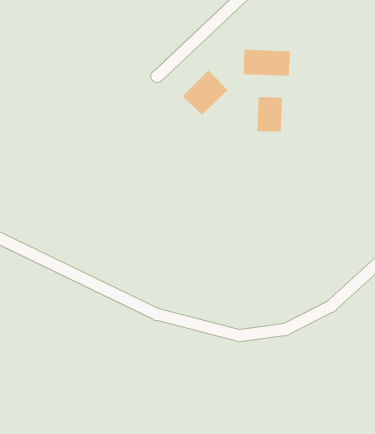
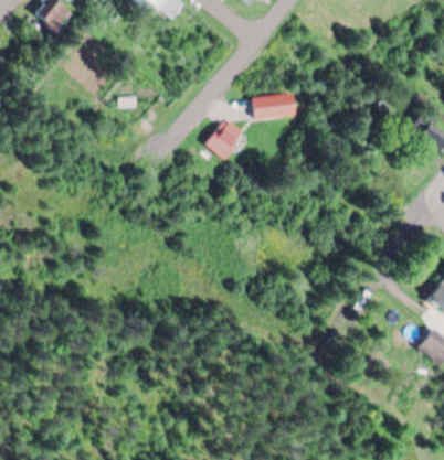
building: [257,96,283,132] -> none

